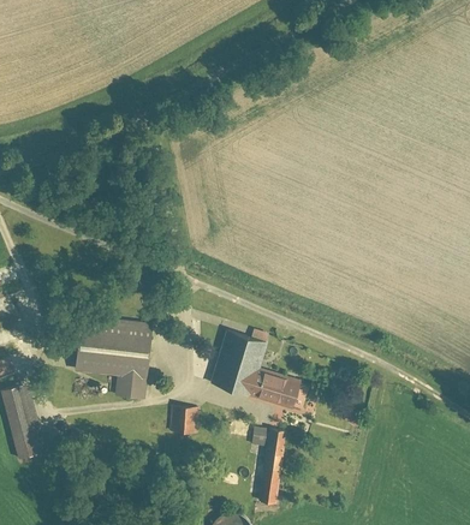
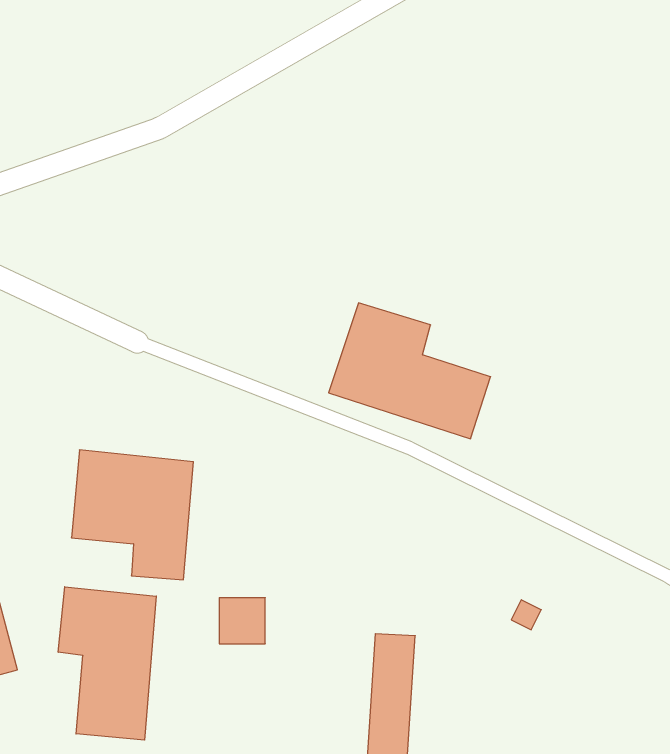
building: [209,329,307,411] -> [329,303,491,439]
building: none -> [58,587,156,740]

